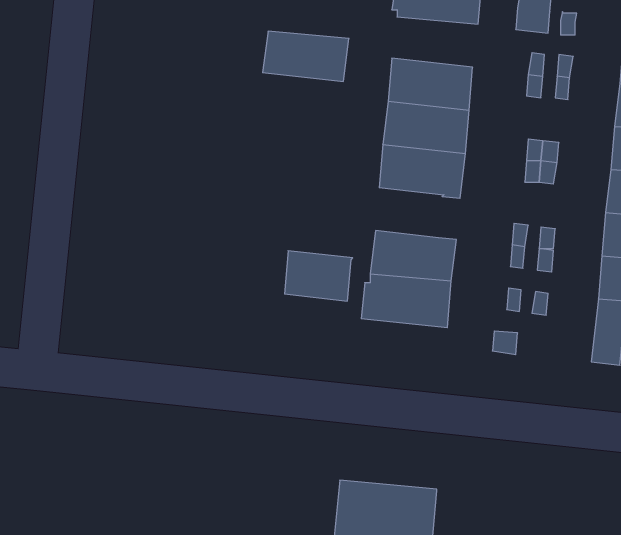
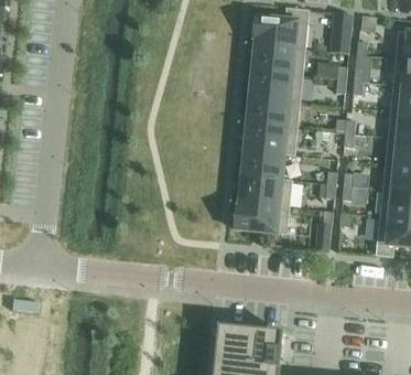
building: [263,31,349,81] -> [253,41,306,72]
building: [285,251,353,301] -> [244,146,285,176]

